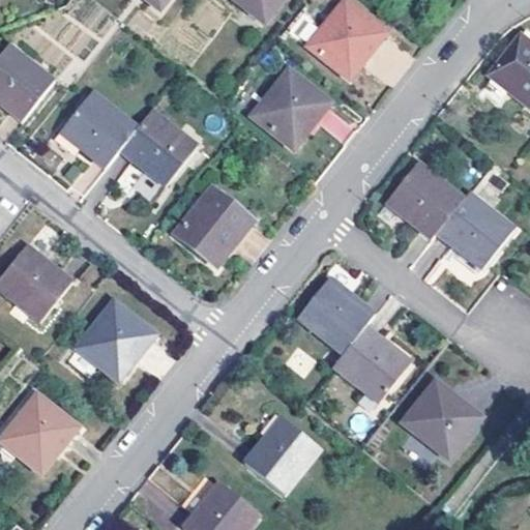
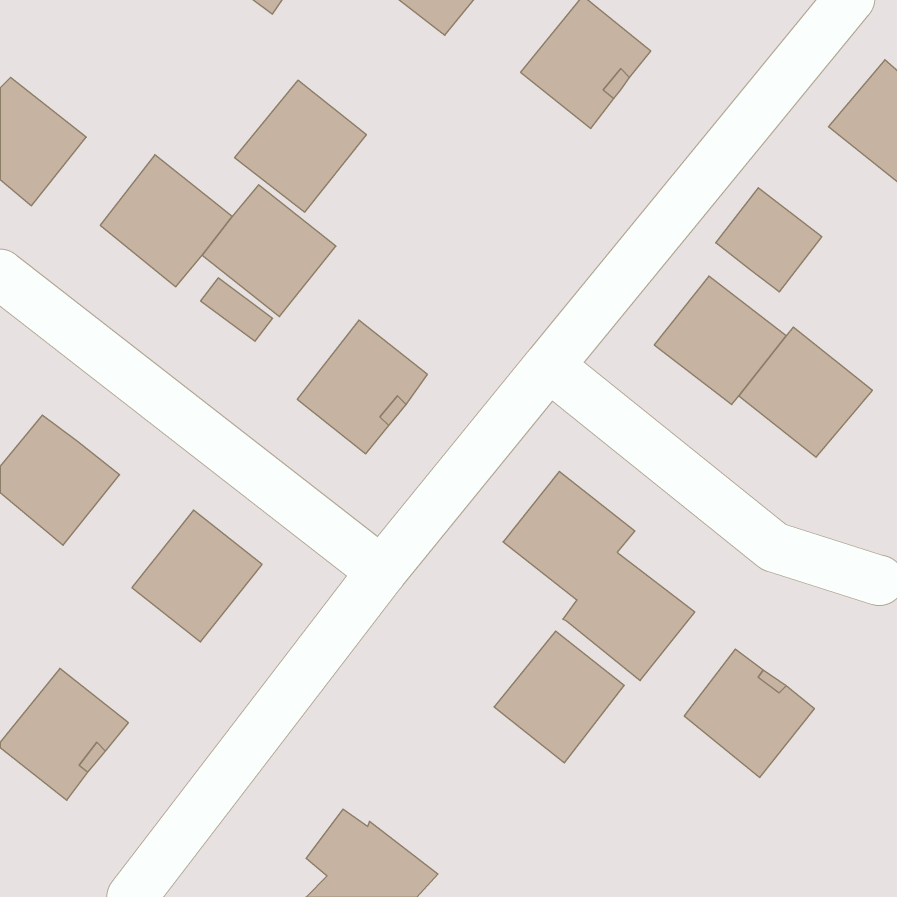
building: [253,69,330,147] -> [235,80,366,212]
building: none -> [716,188,822,292]
building: [243,417,320,495] -> [494,631,624,763]

